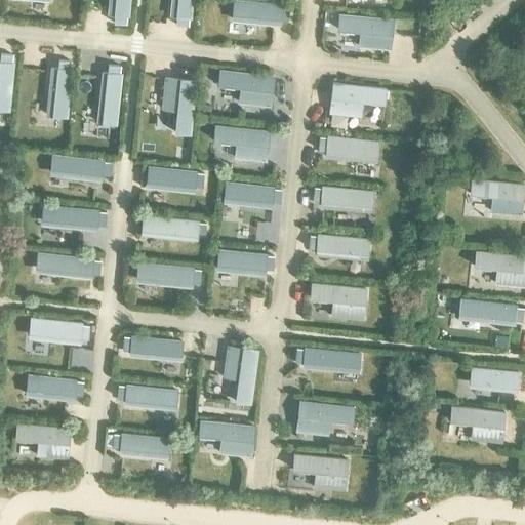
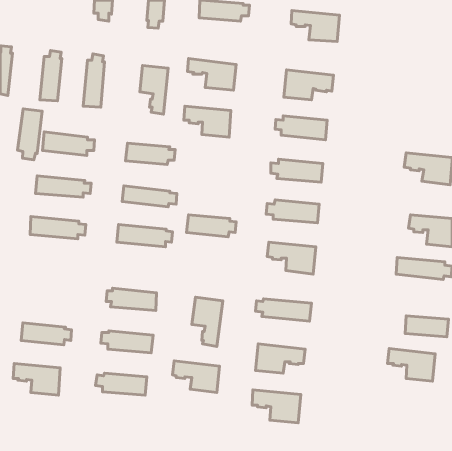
building: none -> [17,109,42,160]
building: [223,181,280,208] -> none
building: [29,318,89,344] -> none

